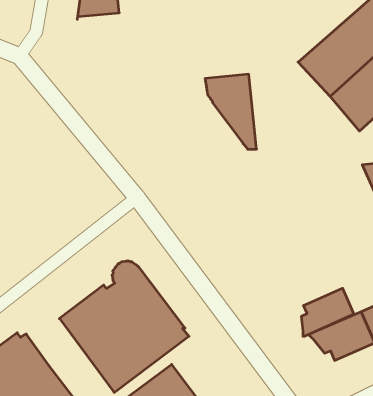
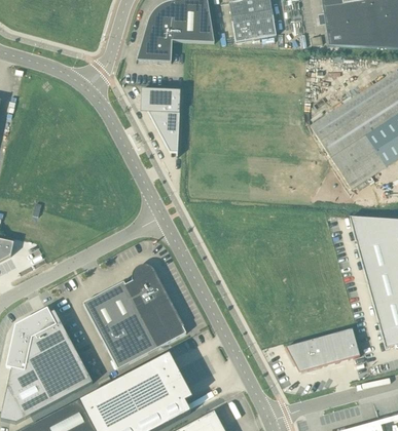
building: [205,74,257,149] -> [144,89,180,153]
building: [302,288,354,336] -> none

